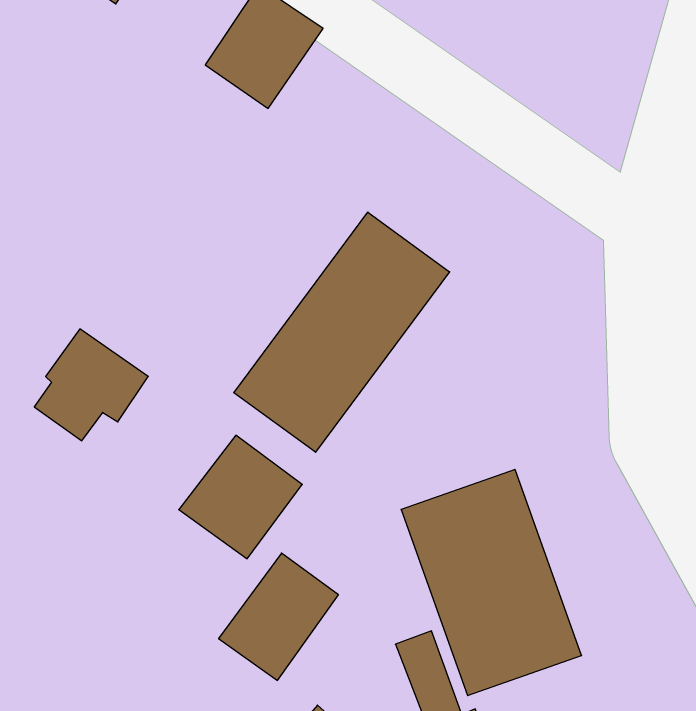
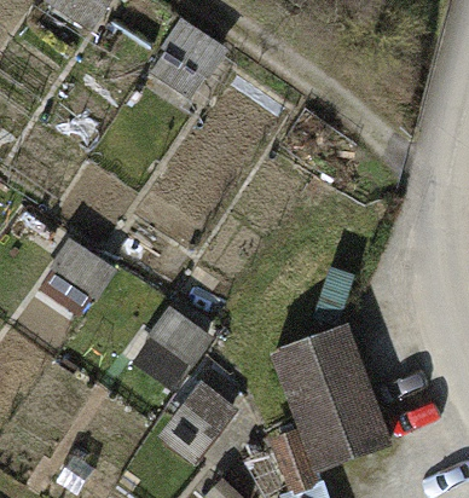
building: [234,212,450,452] -> none

